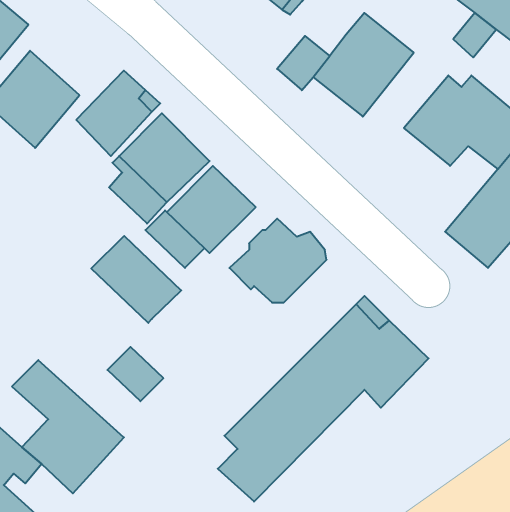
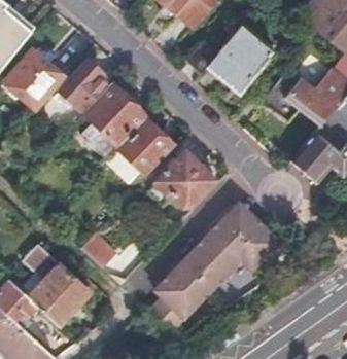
building: [91,236,181,323] -> none

